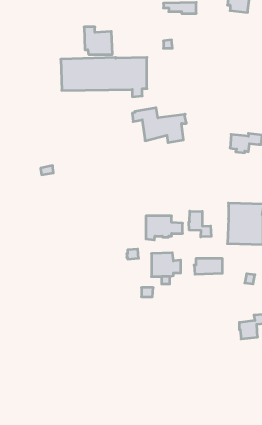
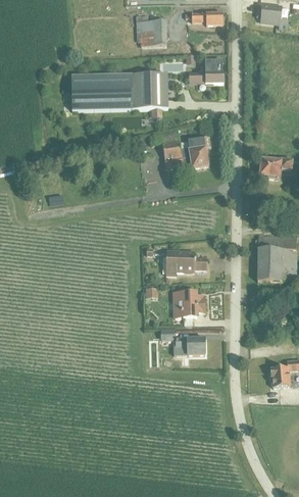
building: [84,27,112,54] -> [136,15,167,46]
building: none -> [189,60,223,83]
building: [189,211,211,237] -> none
building: [194,259,222,274] -> [173,338,205,355]

